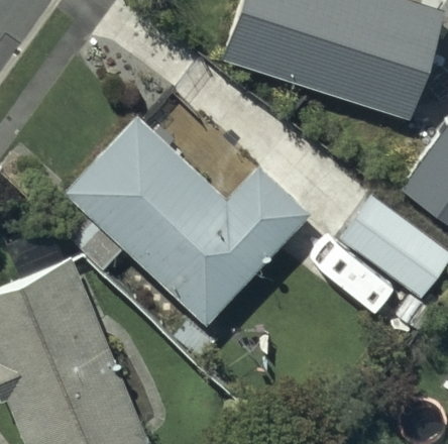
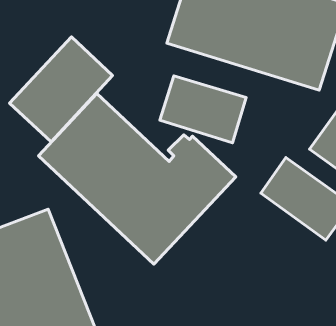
building: none -> [9,37,112,142]
building: none -> [160,76,246,143]

